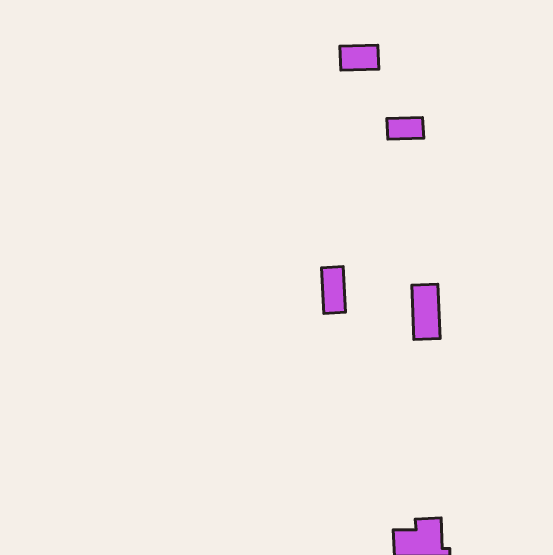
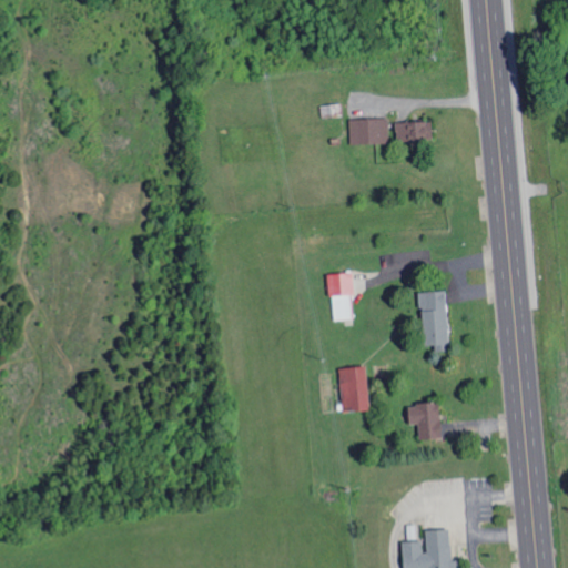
building: [340,45,379,70] -> [348,119,388,144]
building: none -> [339,366,369,412]
building: none -> [408,403,442,439]

